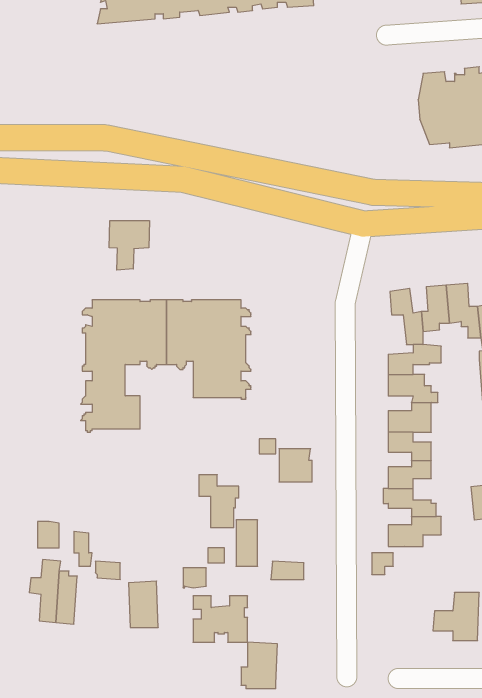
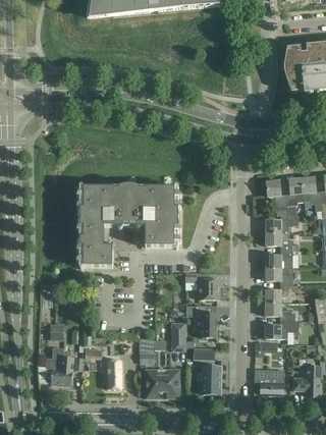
building: [109,221,149,270] -> none
building: [199,475,239,528] -> [194,304,218,336]
building: none -> [253,368,283,394]
building: [241,642,277,689] -> [198,364,220,392]

